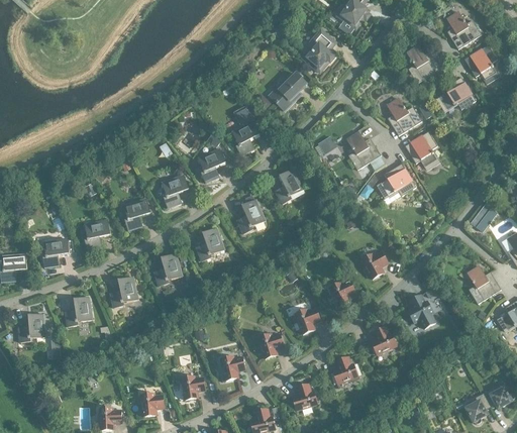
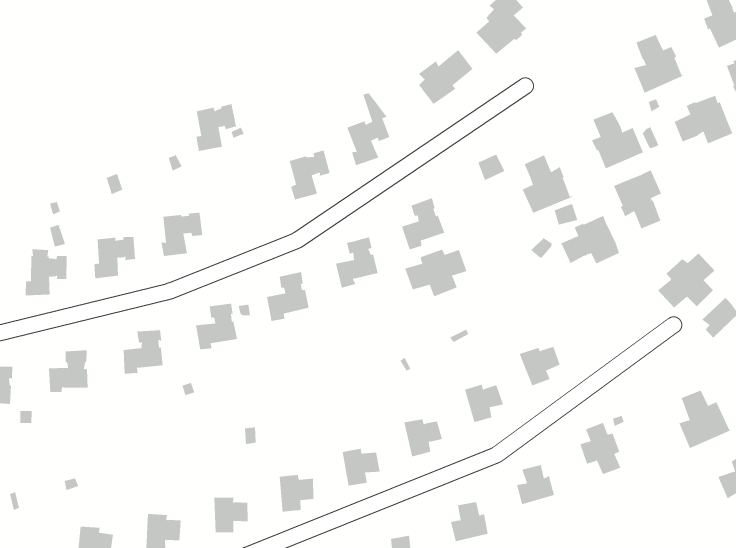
building: [161,175,188,208] -> [195,103,237,151]
building: none -> [657,253,715,308]
building: none -> [405,249,467,297]

